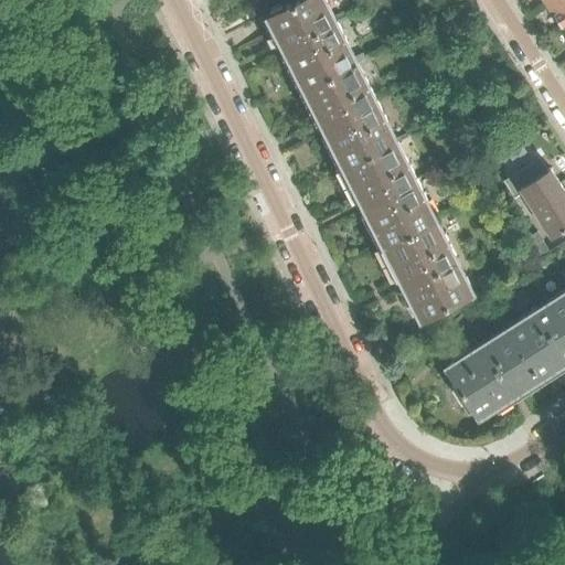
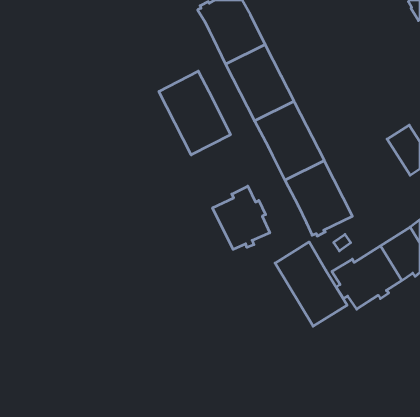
building: none -> [159,71,230,155]
building: none -> [213,186,270,249]
building: none -> [275,242,347,326]

